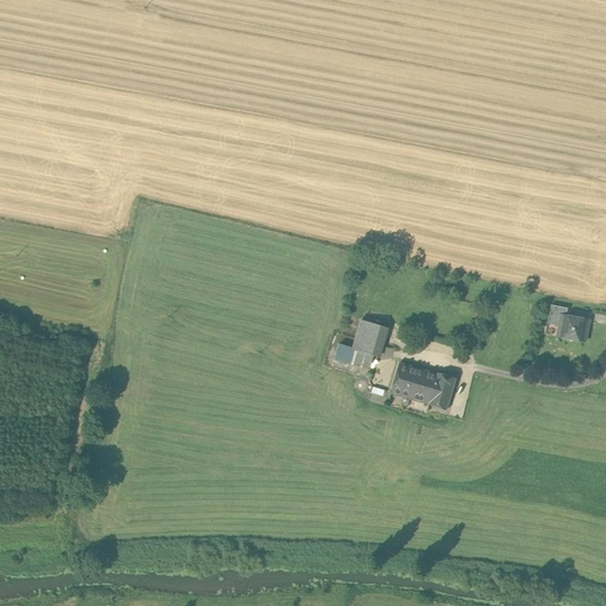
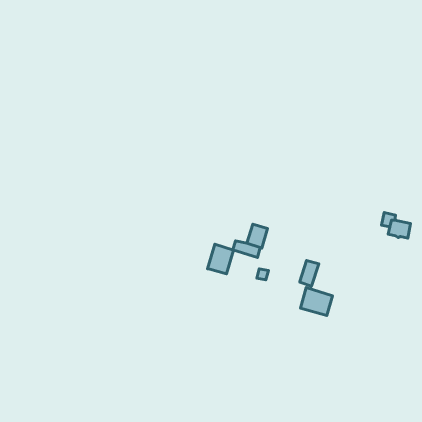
building: none -> [207,244,233,274]
building: [392,362,438,402] -> [300,287,333,316]

